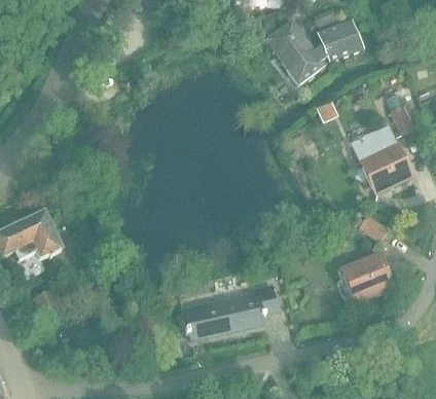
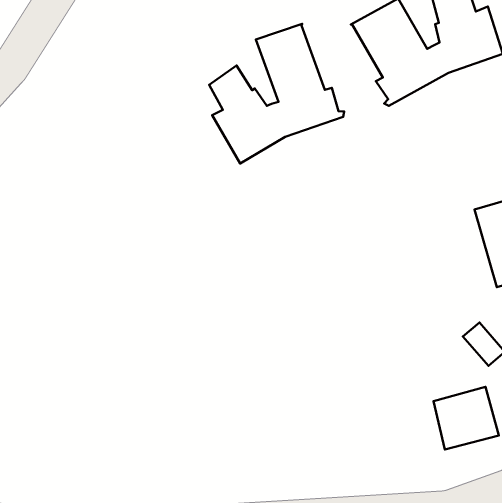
building: none -> [209,24,344,164]
building: [181,284,276,340] -> none

